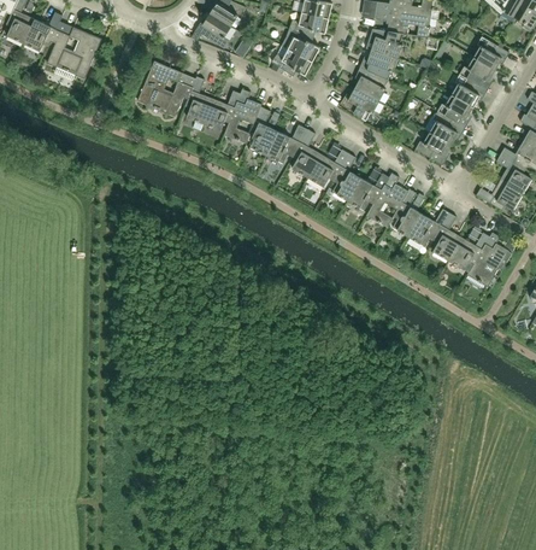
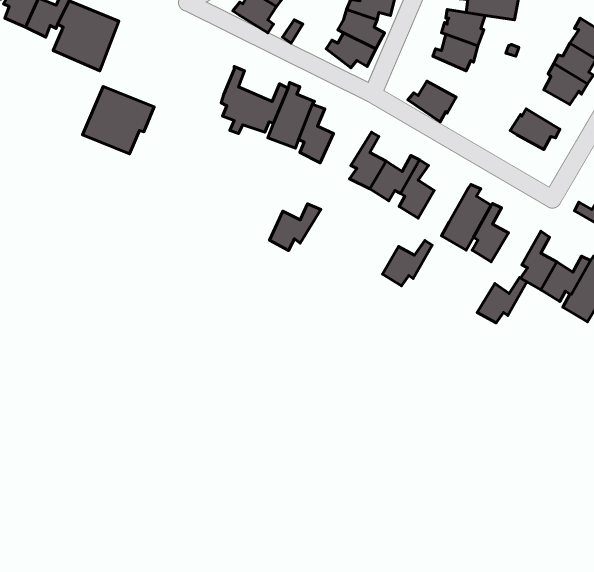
building: [136,62,195,117] -> [83,87,154,154]
building: [354,68,387,101] -> none
building: [436,95,472,128] -> none
building: [266,125,308,164] -> [270,204,321,250]
building: [414,133,450,165] -> none
building: [347,174,388,211] -> [382,241,432,286]
building: [407,209,448,246] -> [477,278,527,323]

